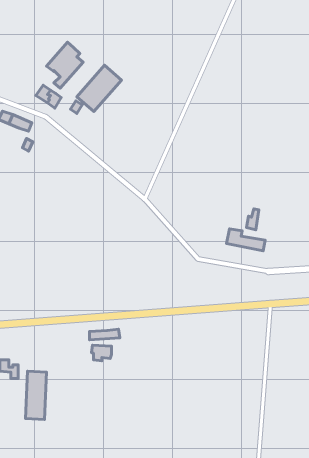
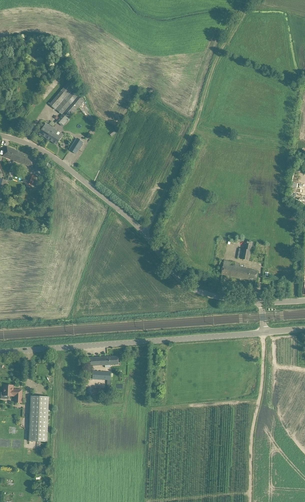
building: [77,65,122,112] -> none

